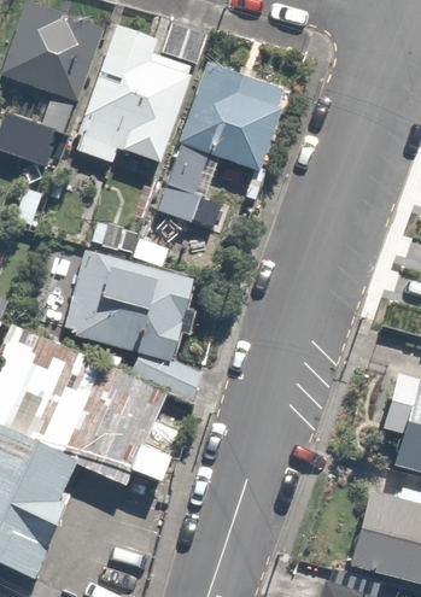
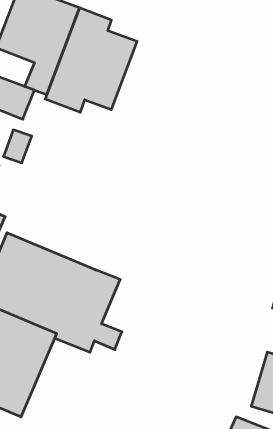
building: [147,57,285,228] -> none
building: [66,253,207,403] -> none

